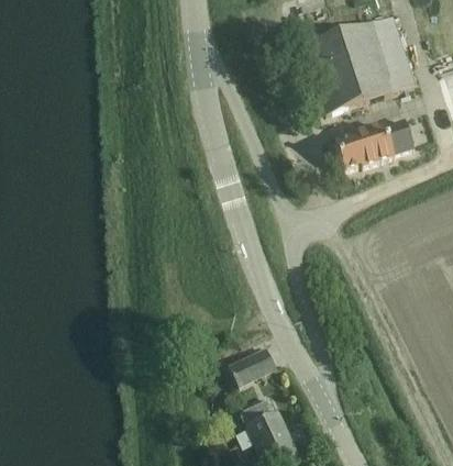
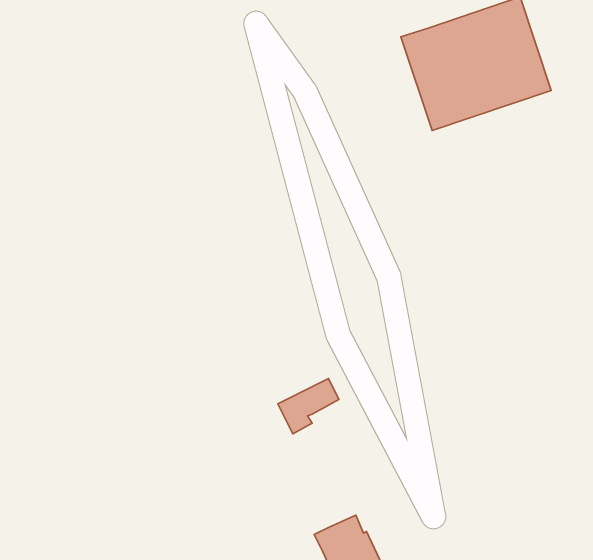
building: [335,120,415,170] -> none
building: [229,347,274,388] -> [278,379,339,434]

